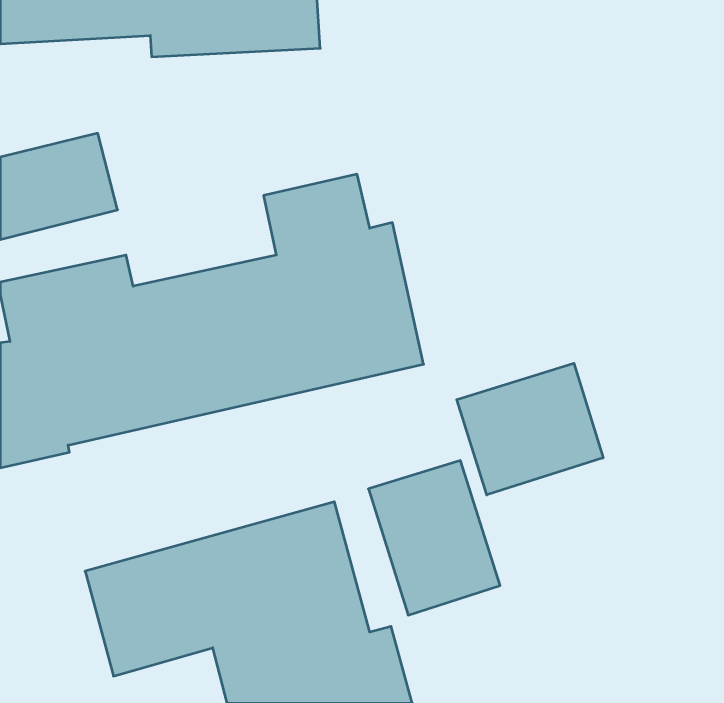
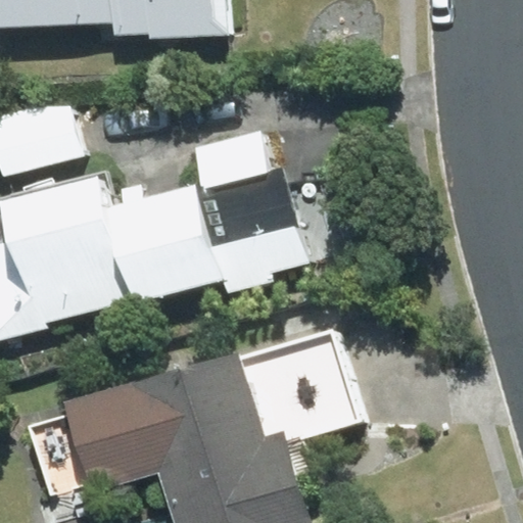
building: [457,363,603,495] -> none

